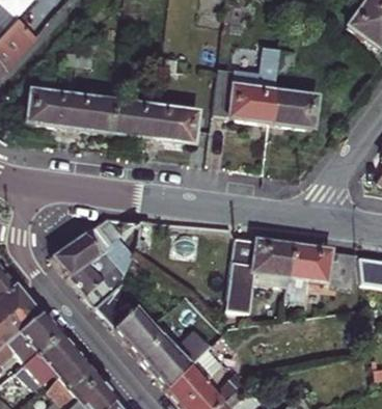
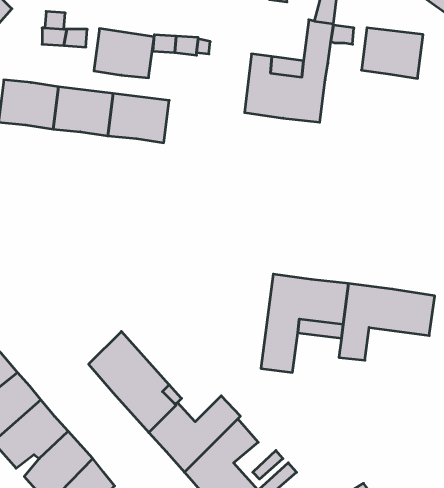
building: [271,89,318,128] -> [361,28,423,78]
building: [153,105,198,142] -> [94,29,154,78]
building: [52,215,134,305] -> none

